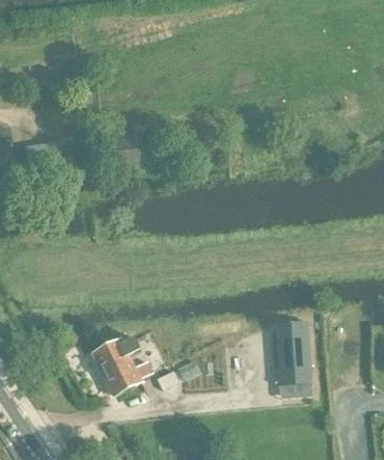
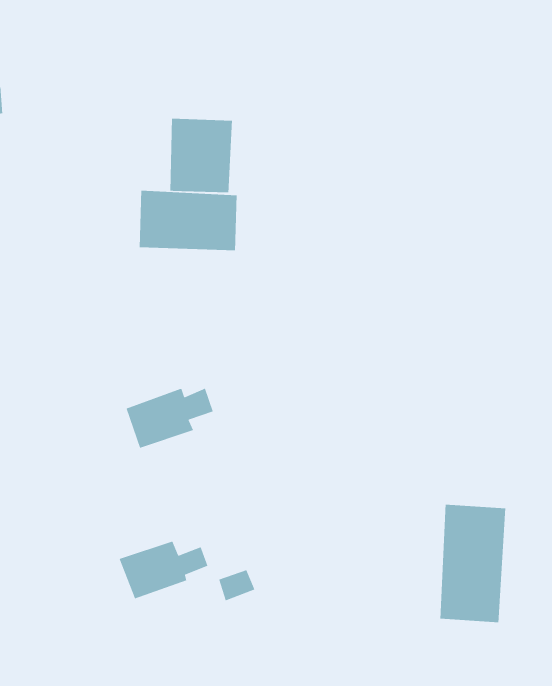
building: none -> [139,190,238,251]
building: [92,336,140,374] -> [125,387,214,449]

